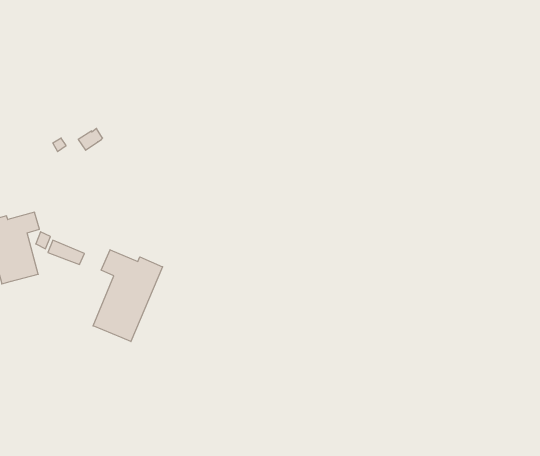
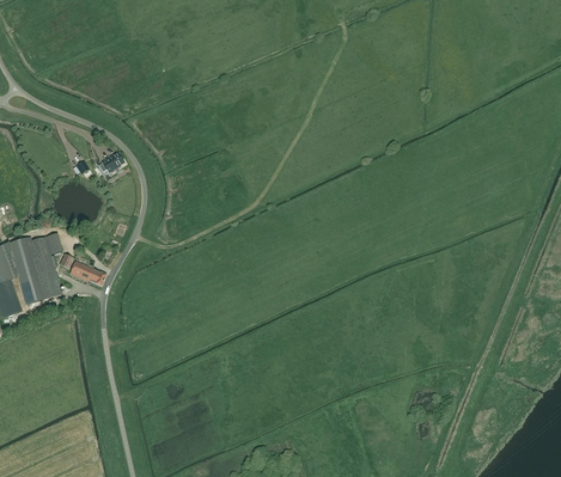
building: [93,250,163,342] -> none

